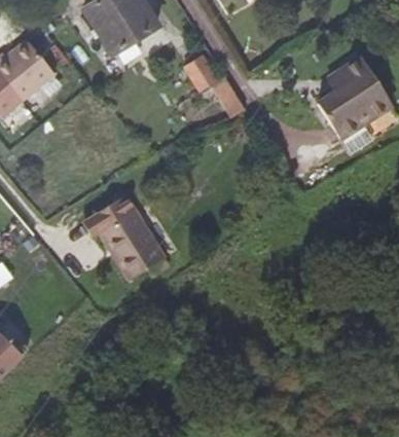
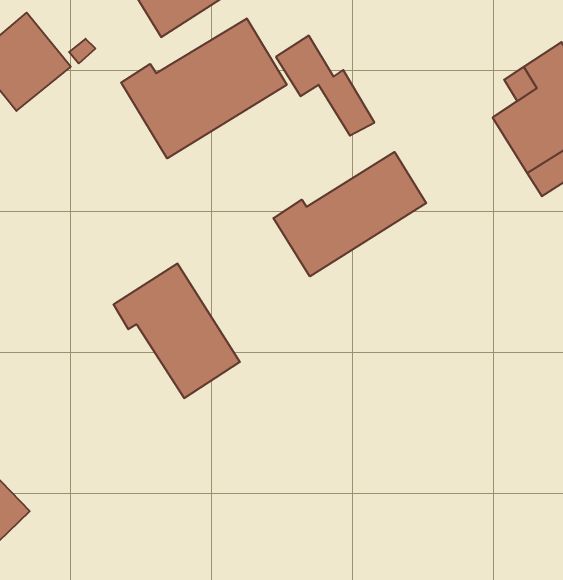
building: none -> [121,18,287,158]
building: none -> [273,152,426,276]

